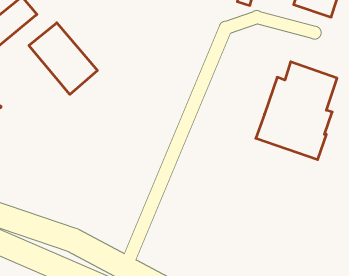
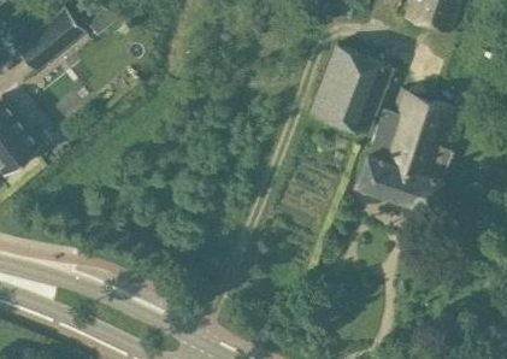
building: [29,23,97,94] -> none
building: none -> [309,46,393,134]

